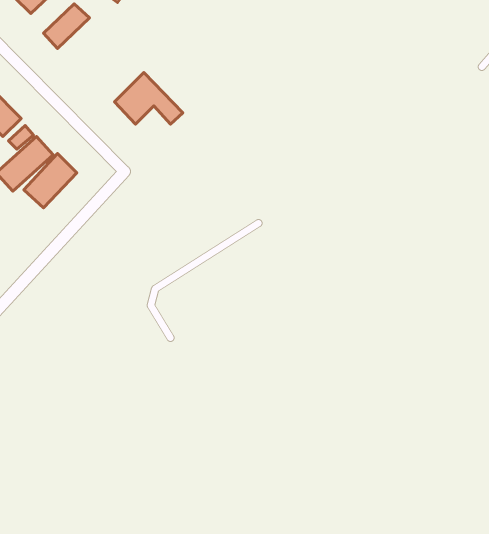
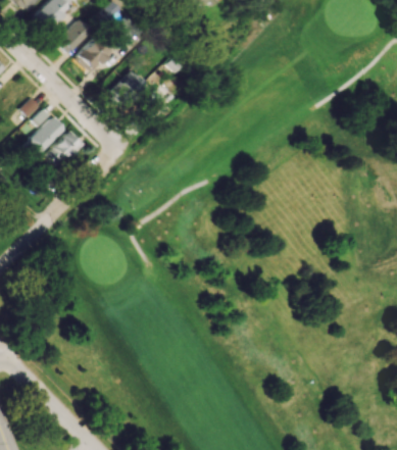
building: none -> [76,36,110,69]

